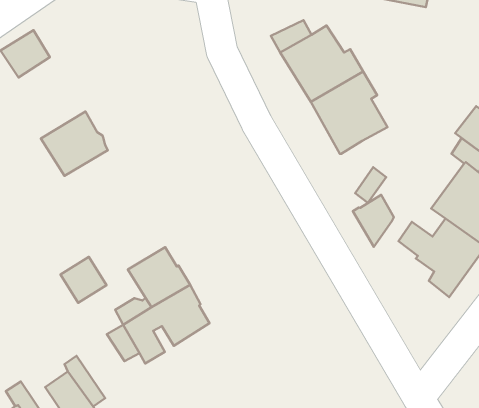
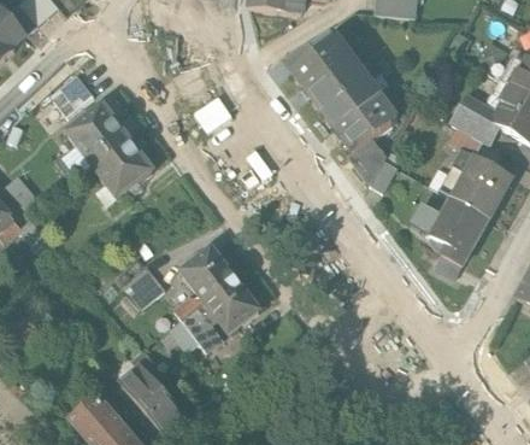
building: none -> [69,105,130,166]
building: [353,195,394,247] -> [349,137,385,183]

